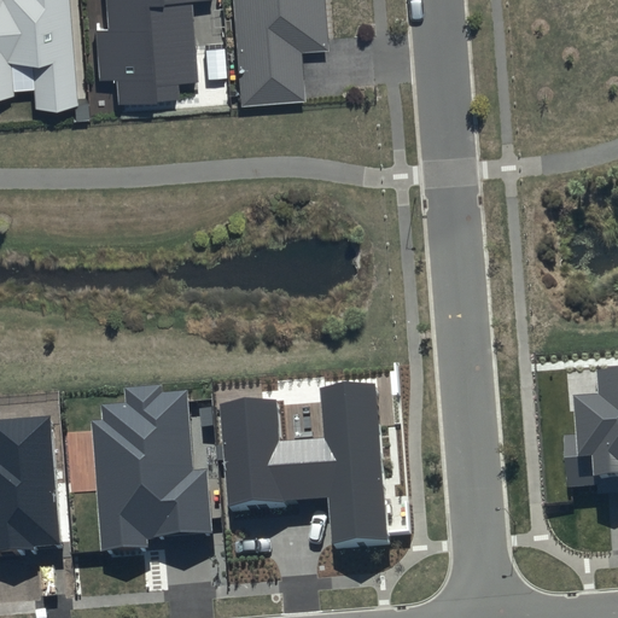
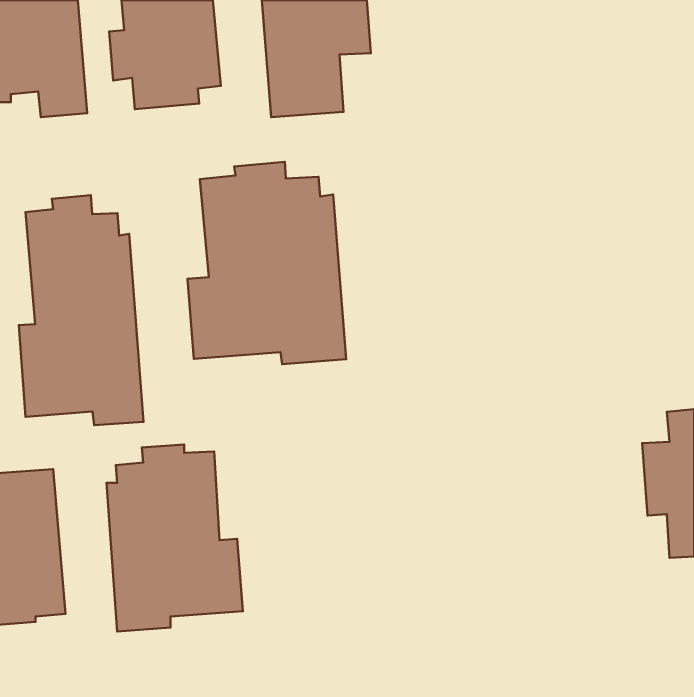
building: none -> [187,162,346,364]
building: none -> [19,195,144,425]
building: [221,384,385,544] -> none

